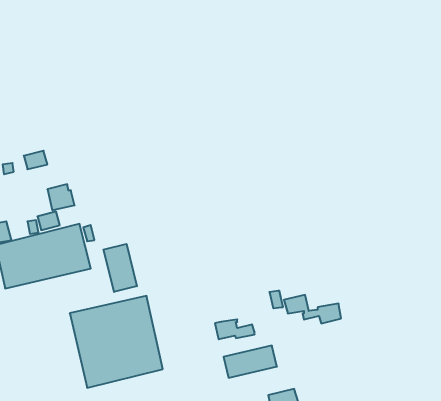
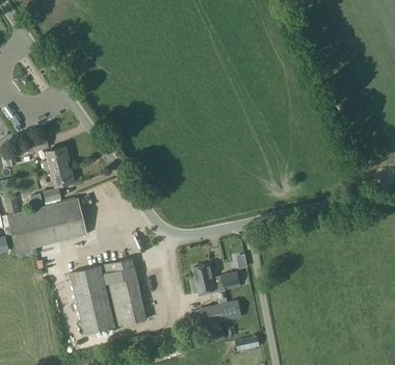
building: none -> [42,147,67,171]
building: [103,244,137,292] -> none
building: [284,295,341,323] -> [192,264,240,288]

